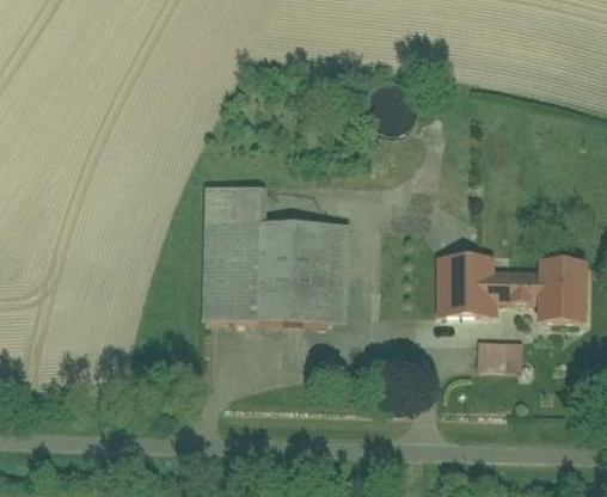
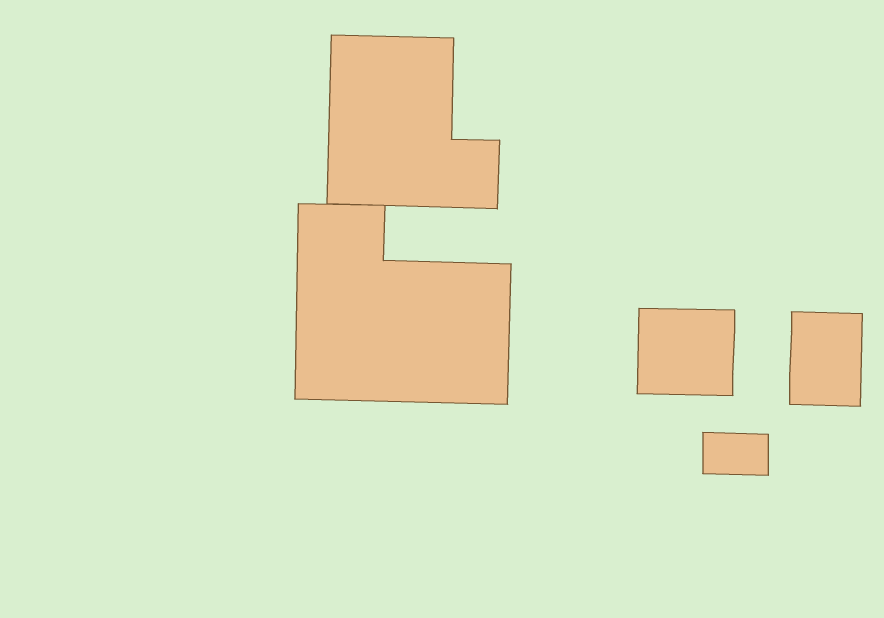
building: none -> [327,35,499,209]
building: [498,270,538,301] -> none

